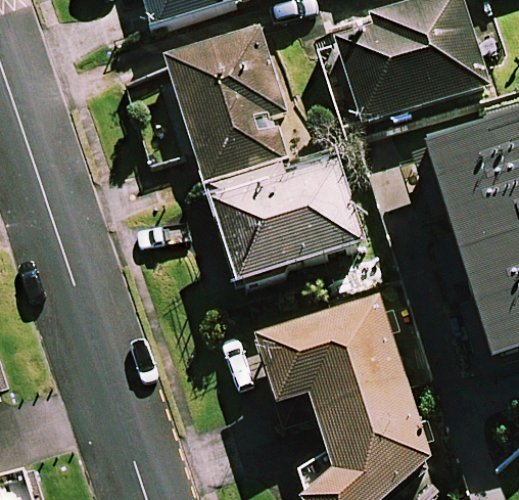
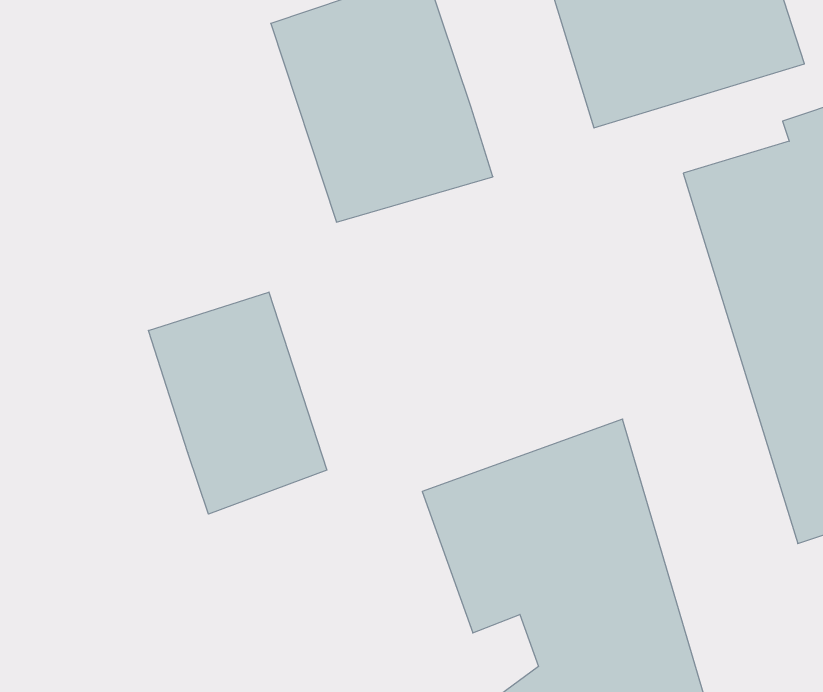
building: [207,146,365,280] -> none
building: none -> [148,292,327,514]

